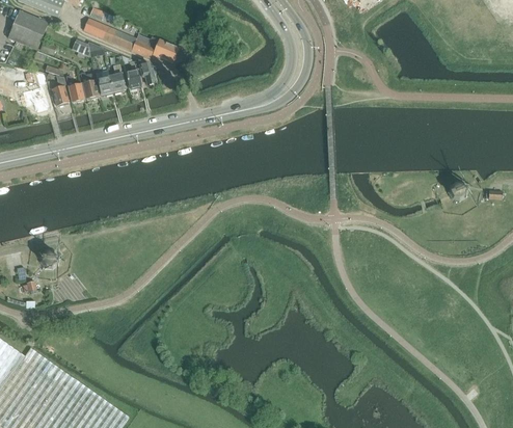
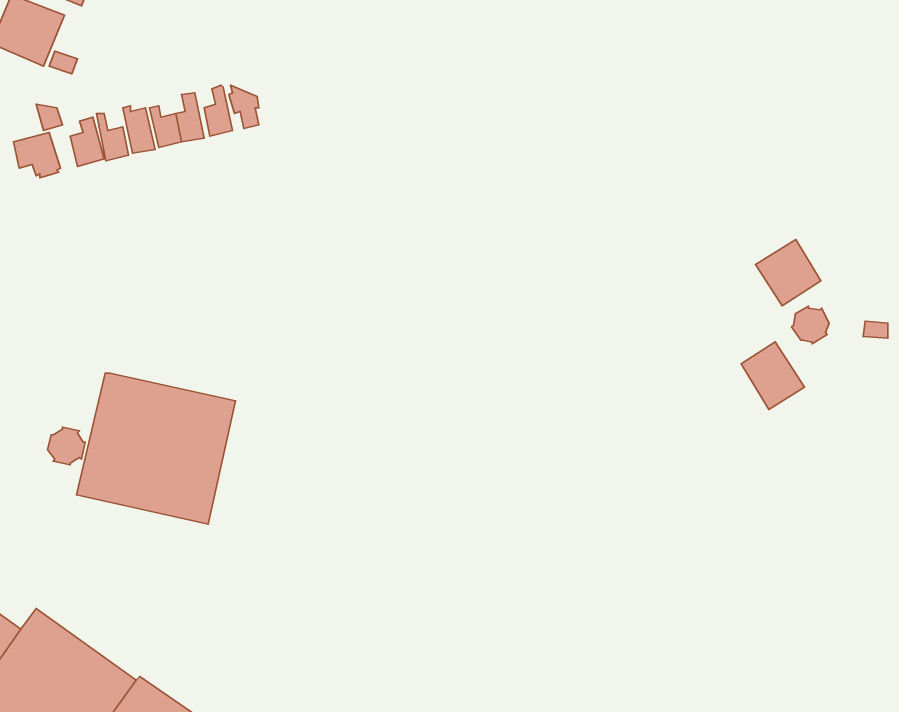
building: [82,18,177,62] -> none
building: none -> [755,239,821,306]
building: none -> [741,342,804,409]
building: none -> [77,373,236,524]

